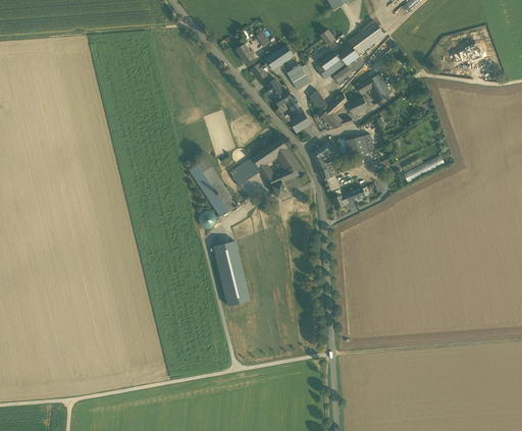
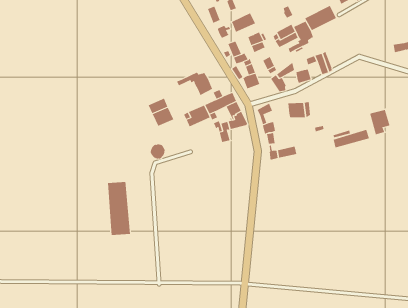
building: none -> [176,72,213,96]
building: none -> [369,109,390,135]
building: [203,180,237,217] -> none
building: [213,241,250,306] -> [107,181,131,235]

